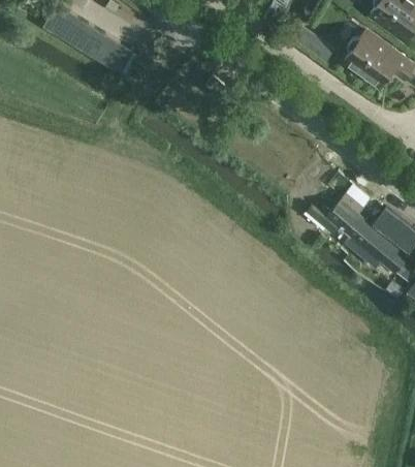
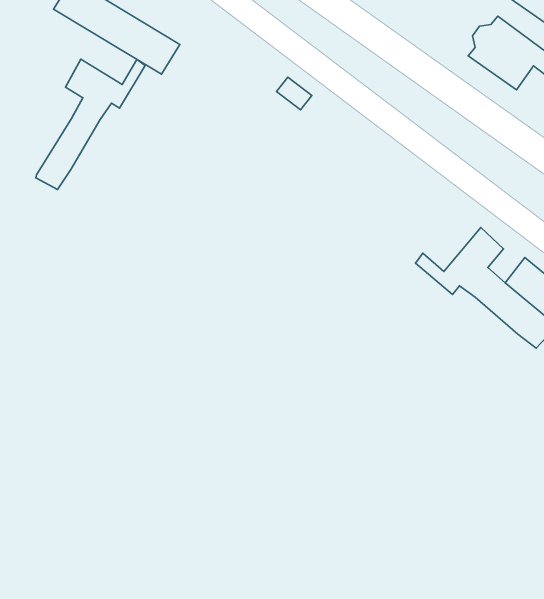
building: [291,24,336,62] -> none
building: none -> [36,59,145,189]

